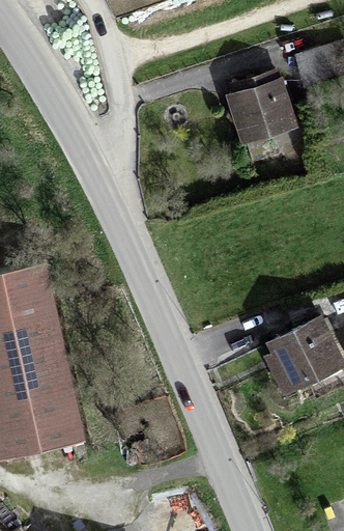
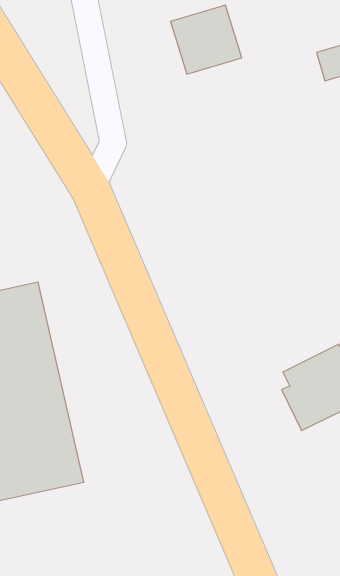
building: [228,80,291,141] -> [170,5,242,74]

